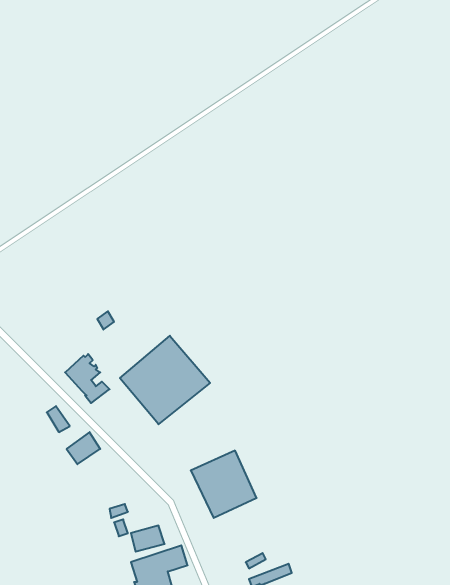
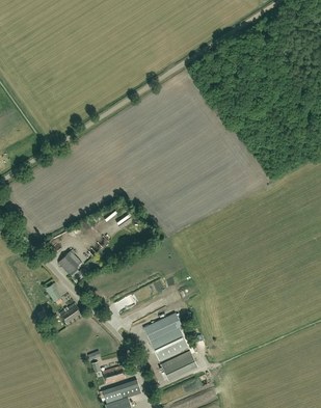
building: [120,336,210,424] -> none
building: none -> [160,351,196,380]

